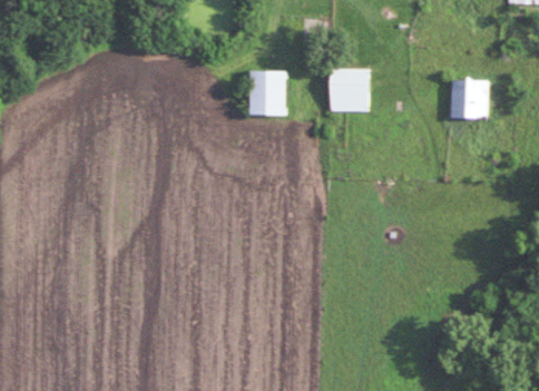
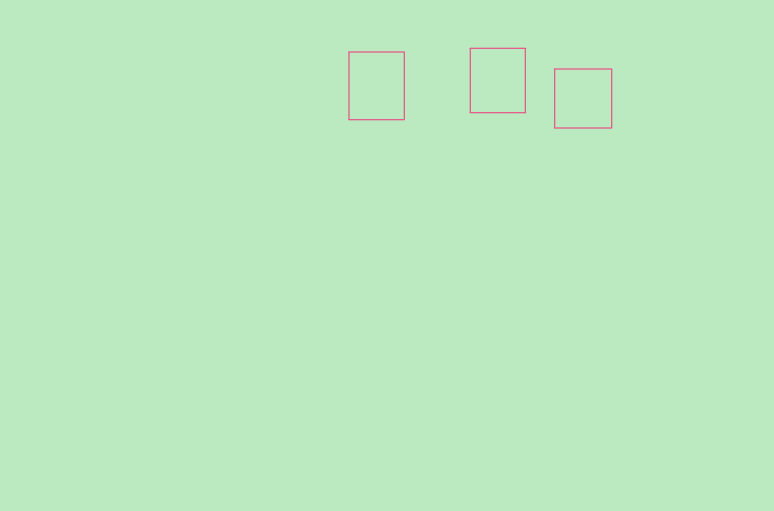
building: [451,79,489,118] -> [554,69,612,128]

